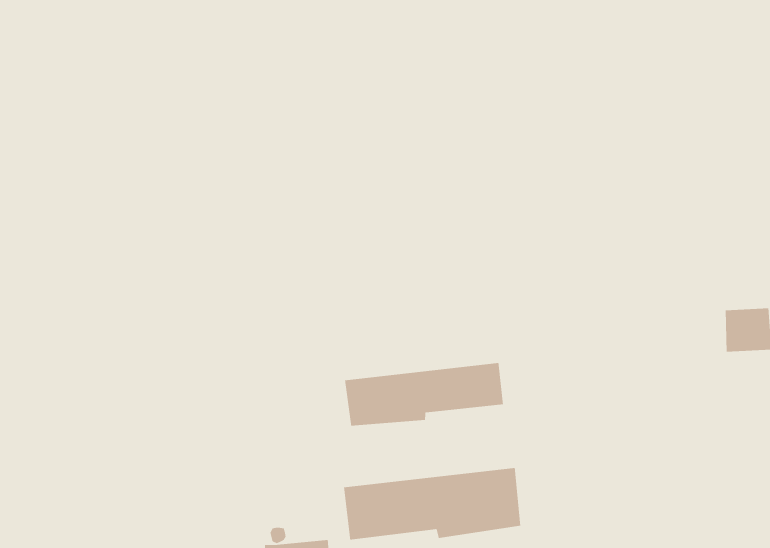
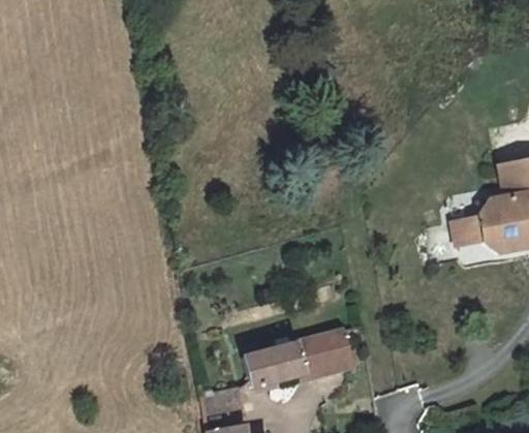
building: [344,362,504,426] -> none

